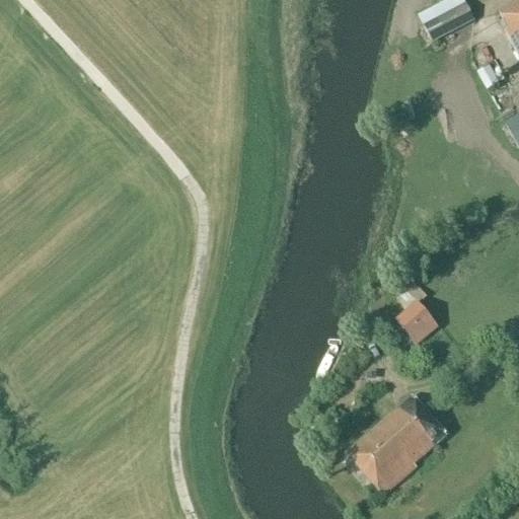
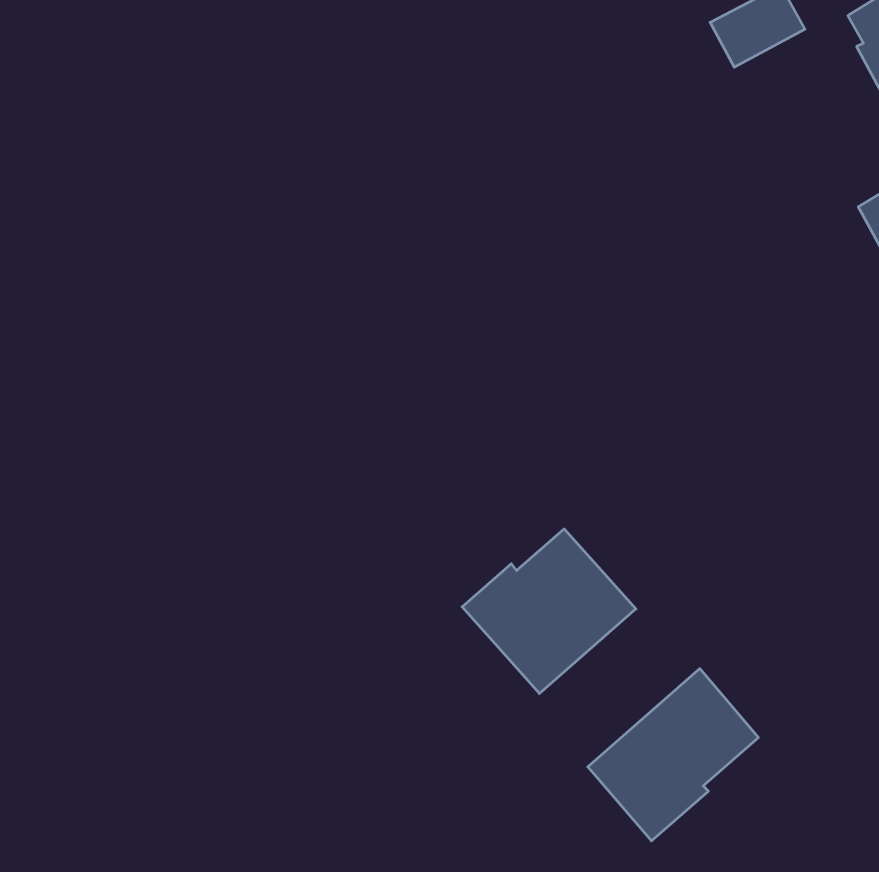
building: [397,302,437,343] -> none
building: none -> [462,529,636,694]

